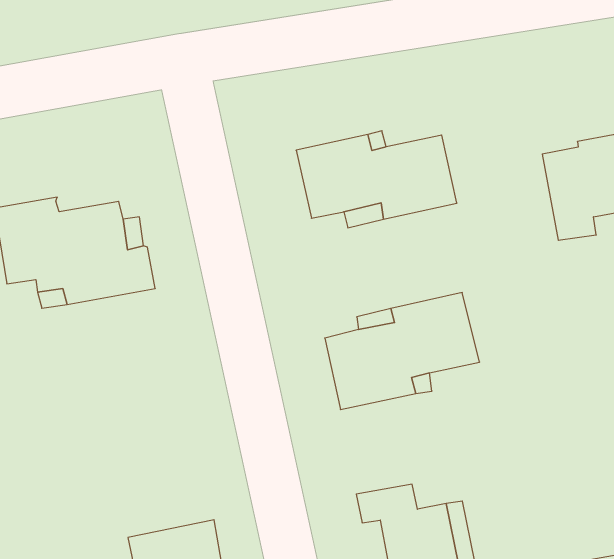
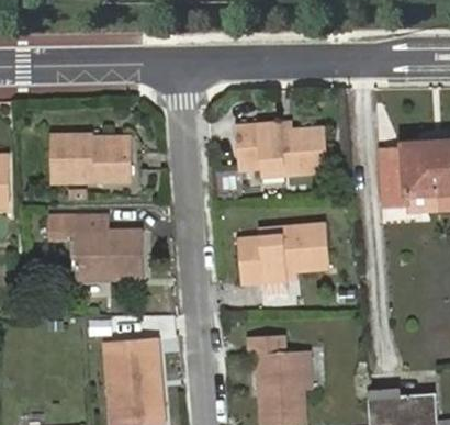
building: none -> [50,215,145,280]

